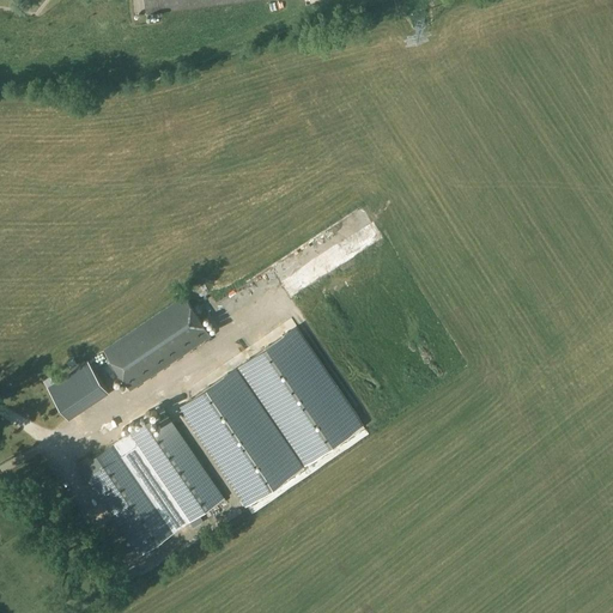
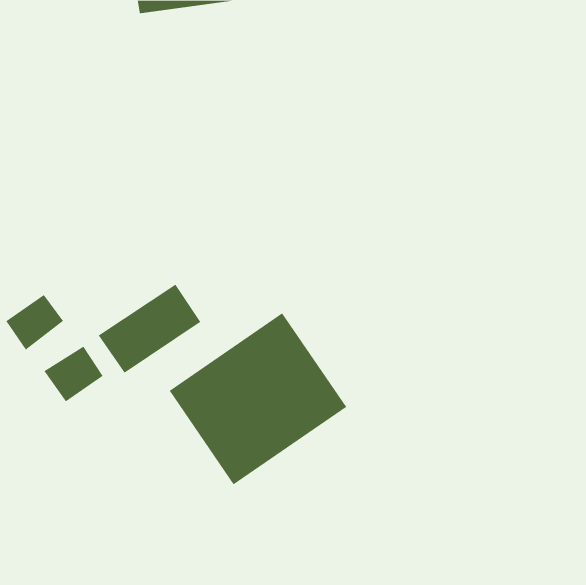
building: none -> [6,294,64,350]
building: [77,420,224,558] -> none

